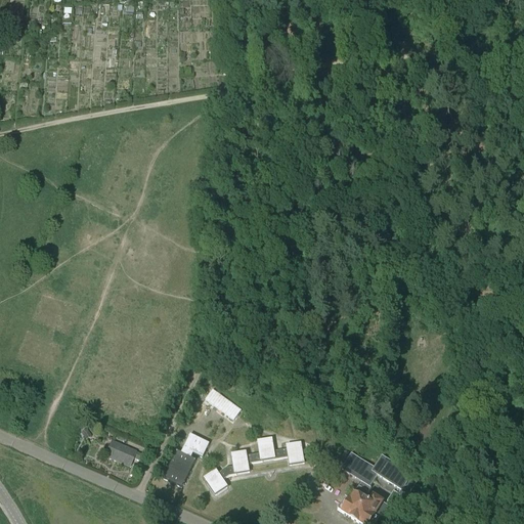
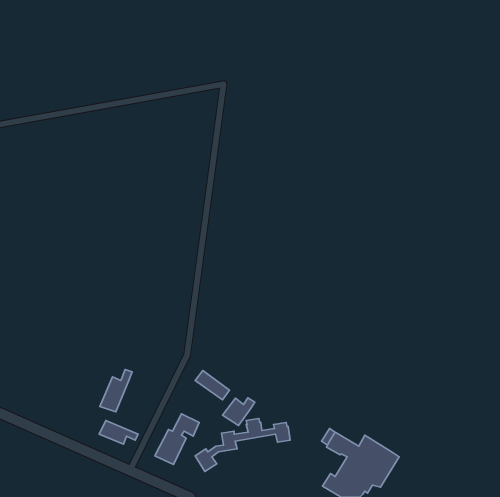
building: none -> [100,370,132,412]
building: none -> [223,398,255,425]

